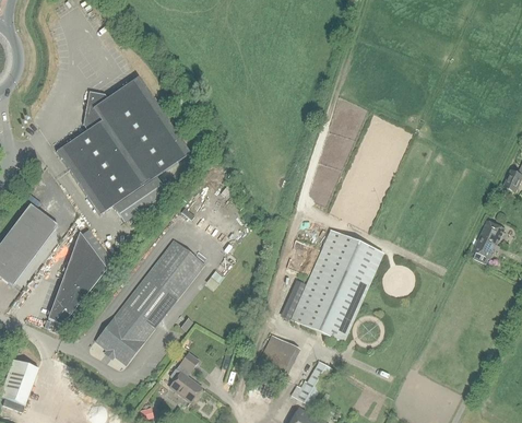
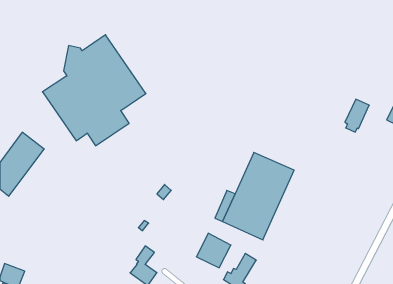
building: [473,220,505,262] -> [345,99,369,132]
building: [48,231,107,324] -> none
building: [96,240,202,362] -> none
building: [7,357,38,383] -> none

